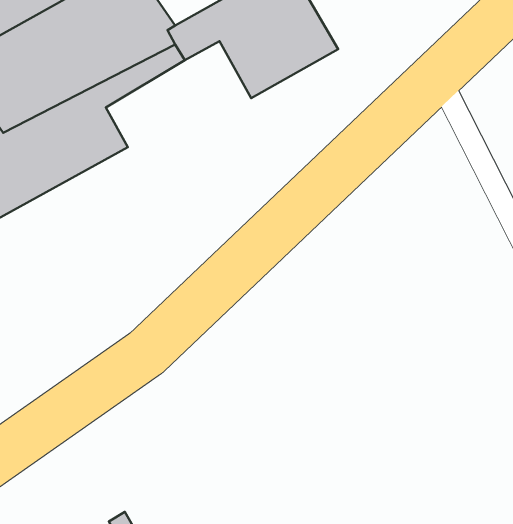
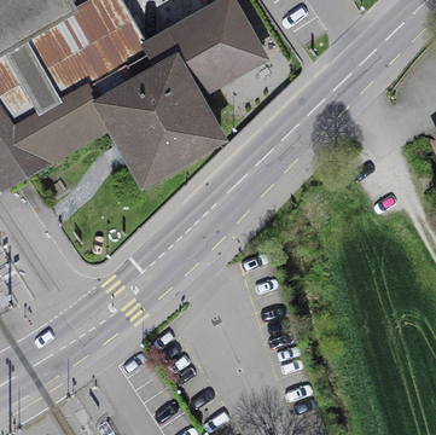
building: none -> [92,52,231,191]

